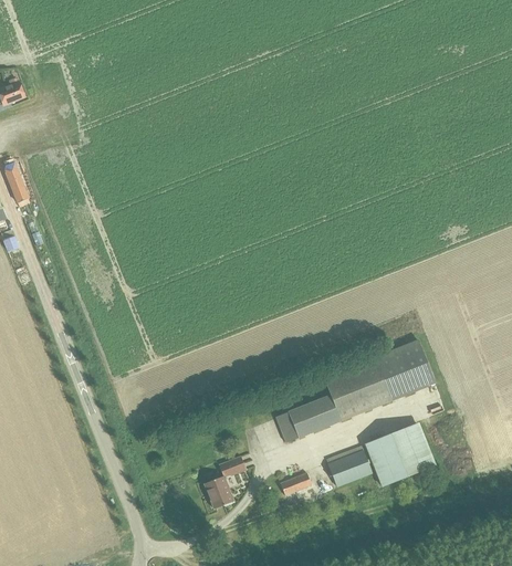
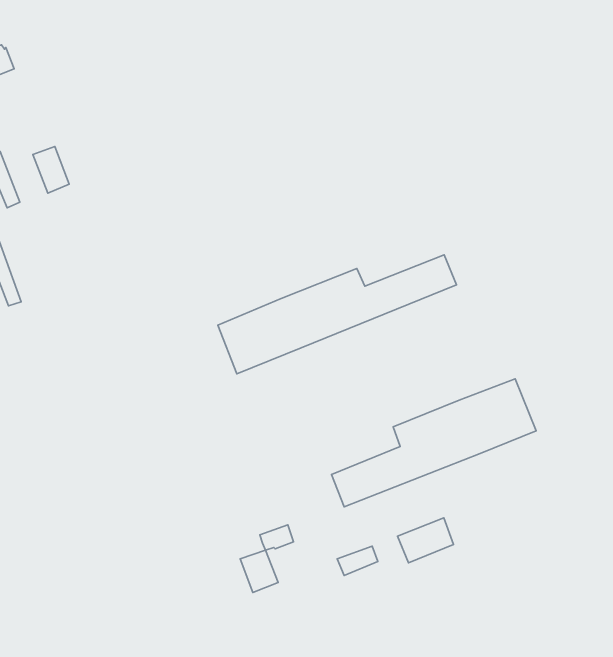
building: none -> [33,146,69,193]
building: none -> [218,255,456,374]
building: [365,422,433,485] -> none

